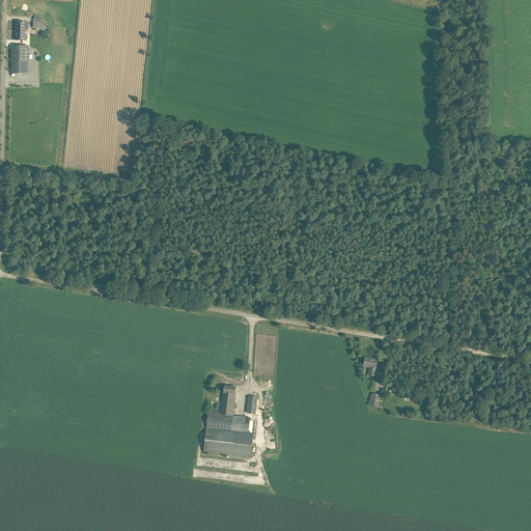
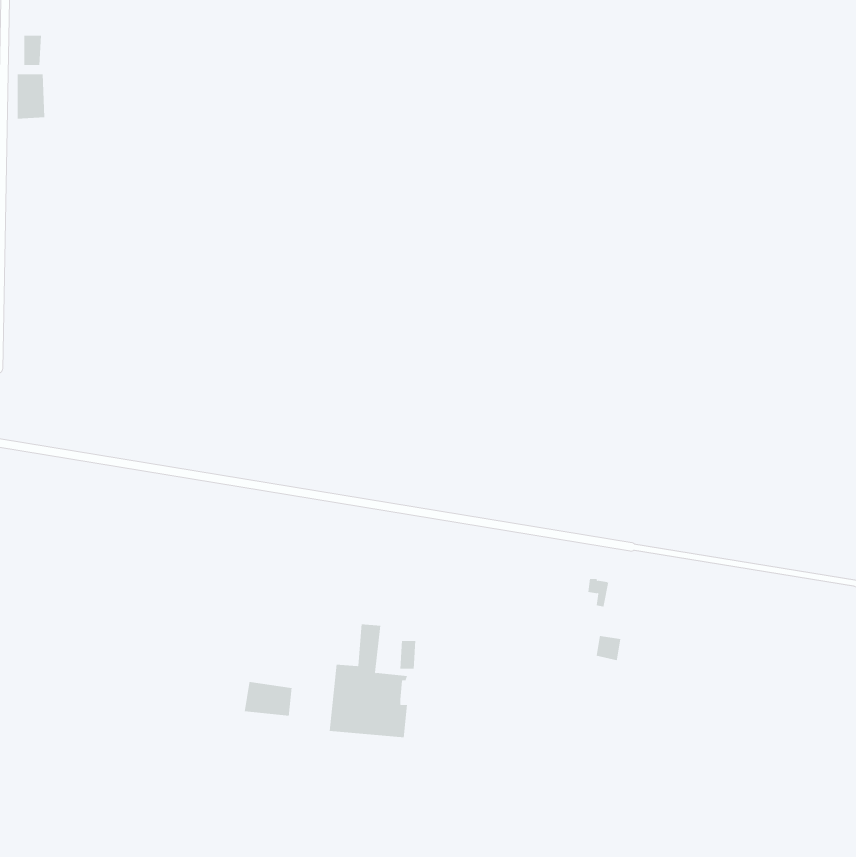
building: none -> [244,681,292,716]

